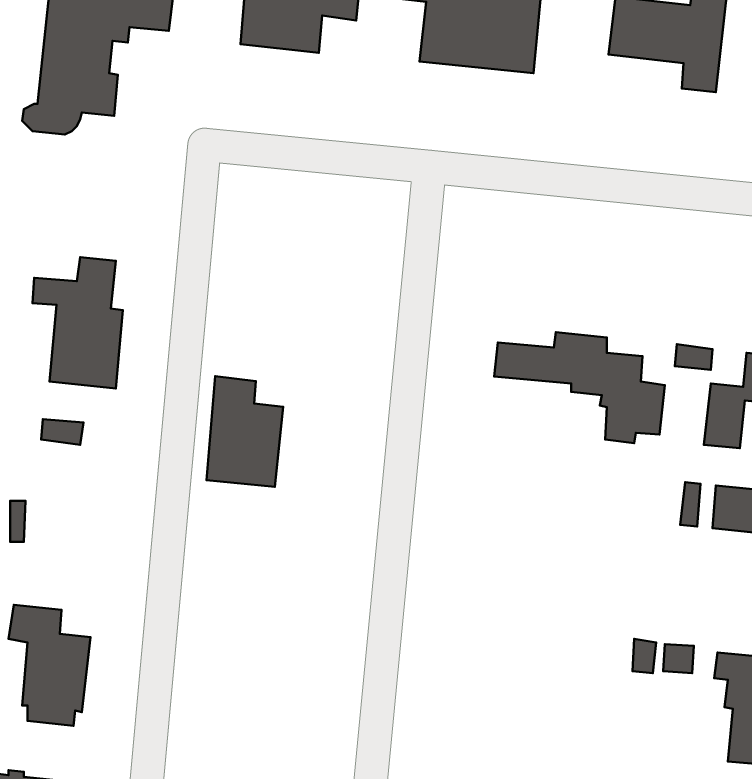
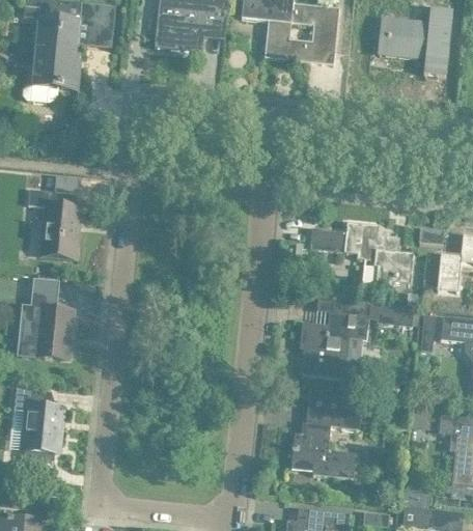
building: [207,376,283,487] -> [27,291,74,359]
building: none -> [300,299,412,379]
building: none -> [289,397,360,478]

